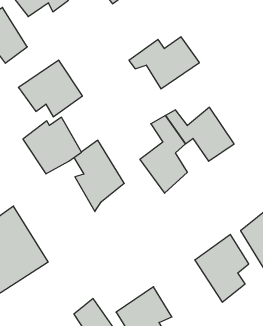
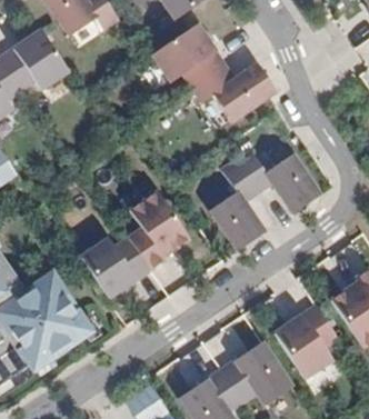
building: [18,60,82,117] -> [151,21,229,90]
building: [23,117,82,174] -> [81,231,152,300]
building: none -> [223,337,296,405]

